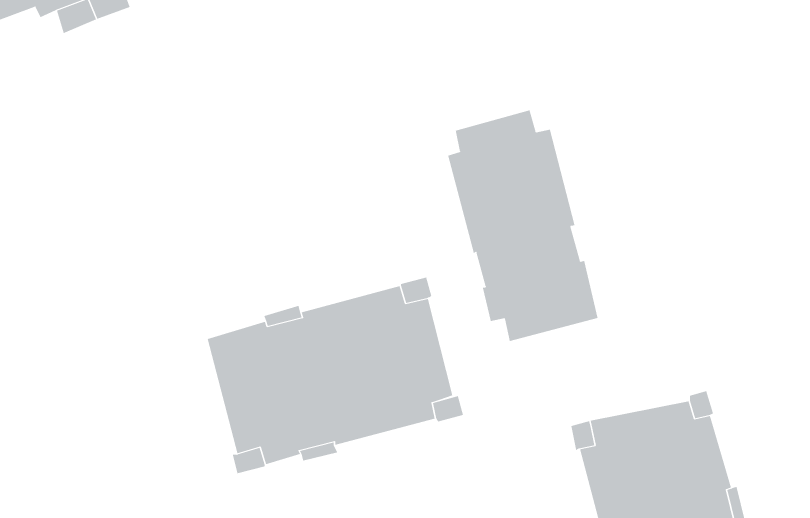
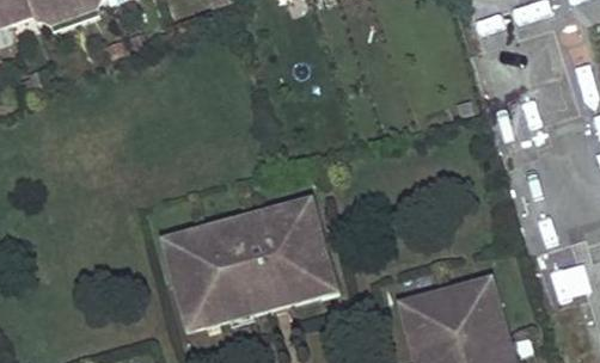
building: [448,110,598,342] -> none

